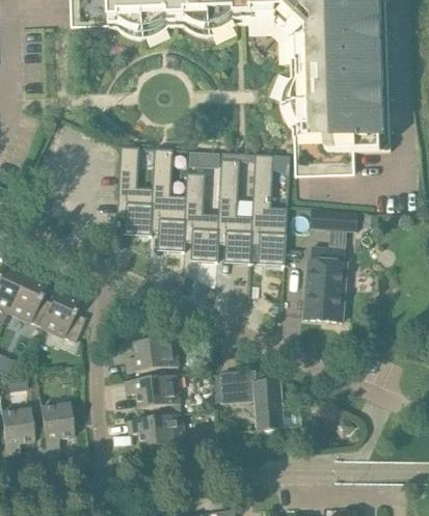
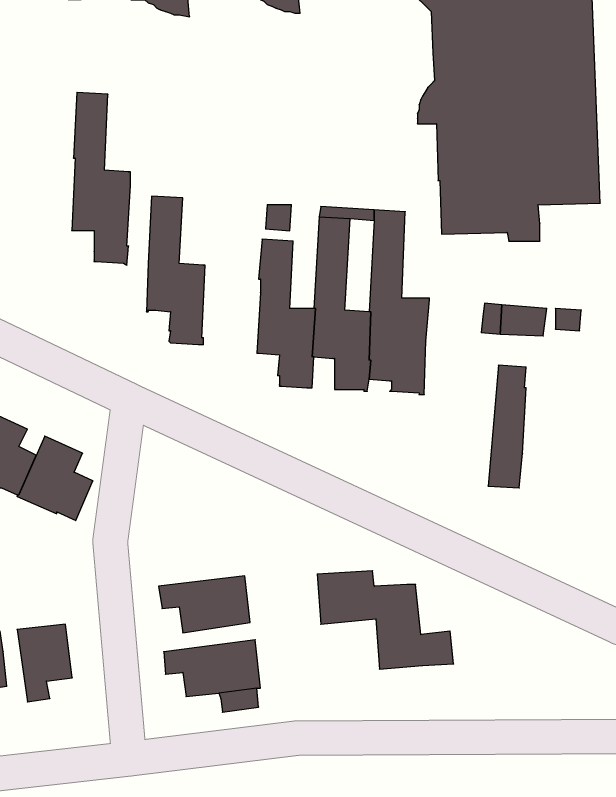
building: [151,146,186,250] -> [72,92,130,265]
building: [304,245,329,319] -> none
building: [126,335,179,371] -> none

